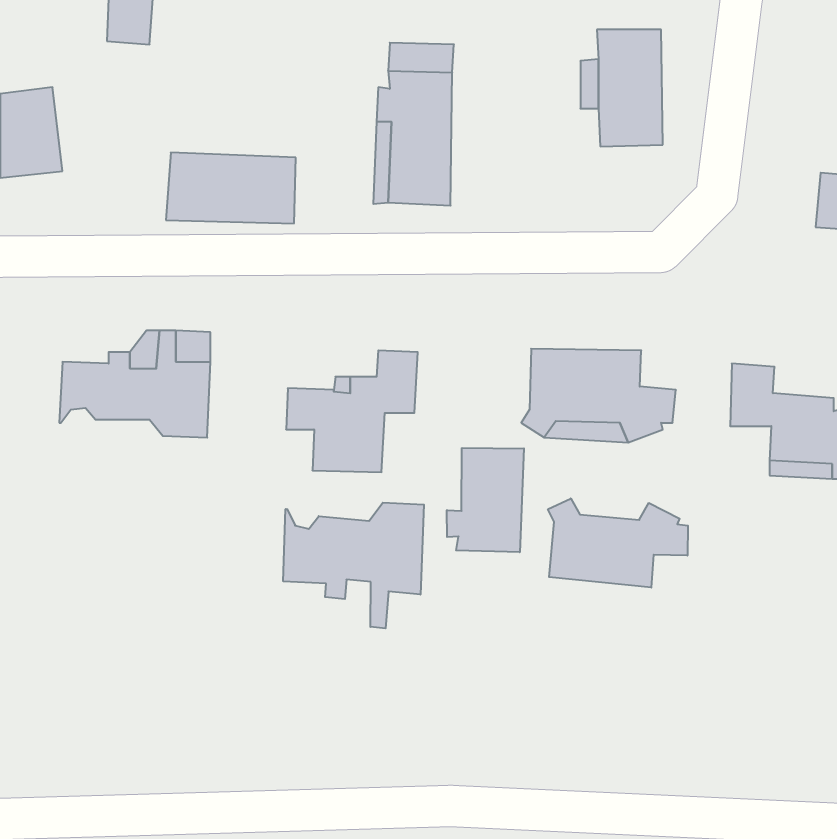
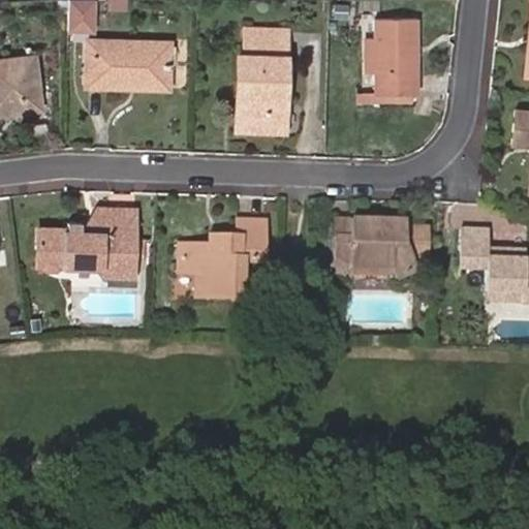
building: [166,153,296,223] -> [88,40,169,85]
building: [447,448,524,552] -> none
building: [548,498,688,588] -> none
building: [283,503,424,628] -> none

